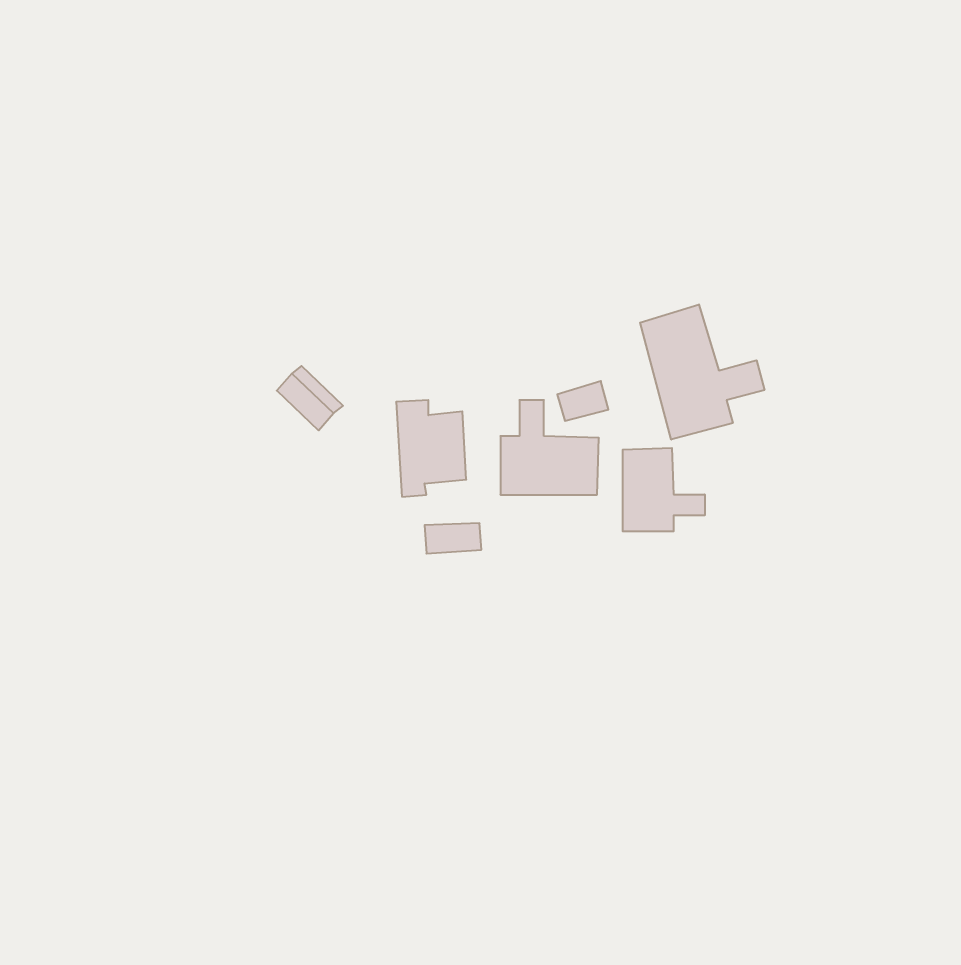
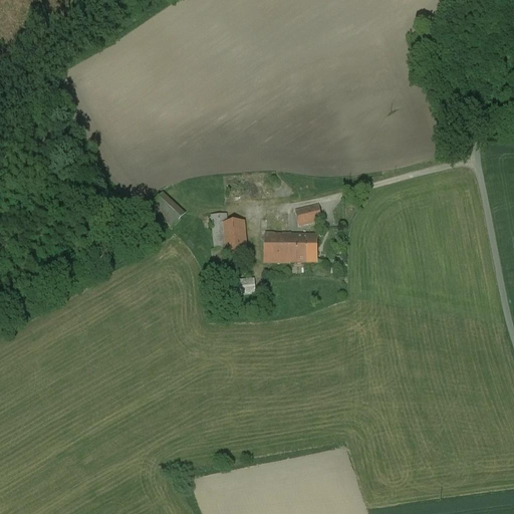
building: [640,304,764,440] -> none
building: [623,448,705,531] -> none

